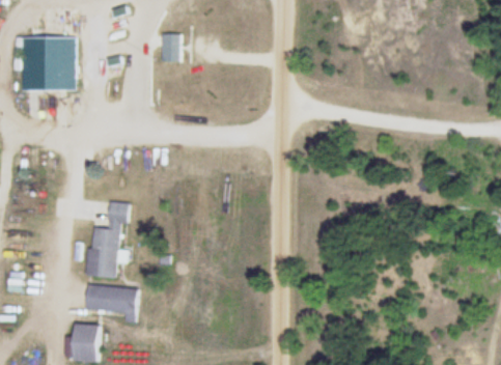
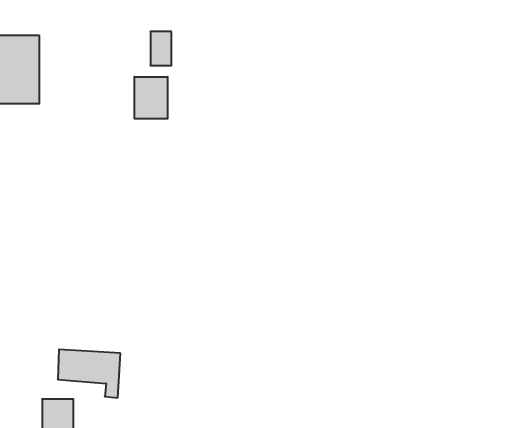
building: none -> [134,77,168,119]
building: [87,201,129,277] -> none

